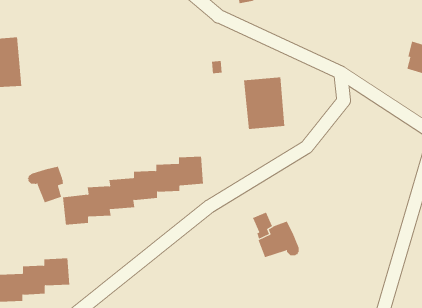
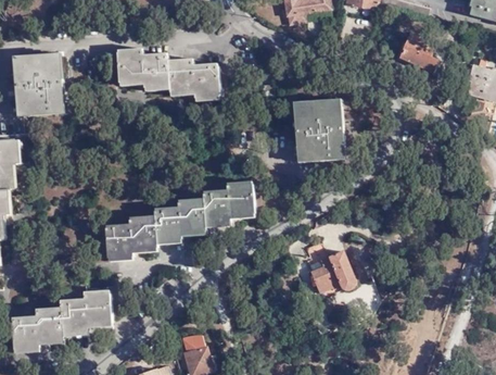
building: none -> [398,35,437,73]
building: none -> [115,51,222,98]
building: [27,166,64,203] -> none

